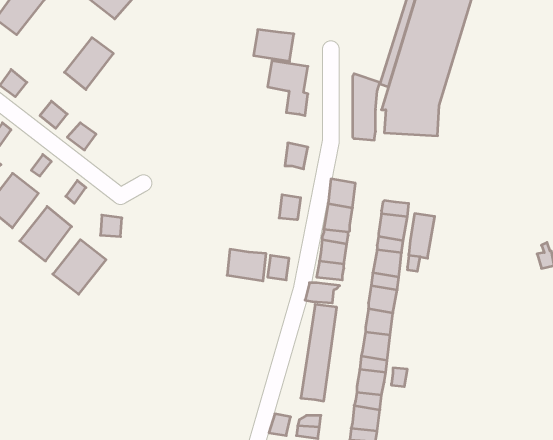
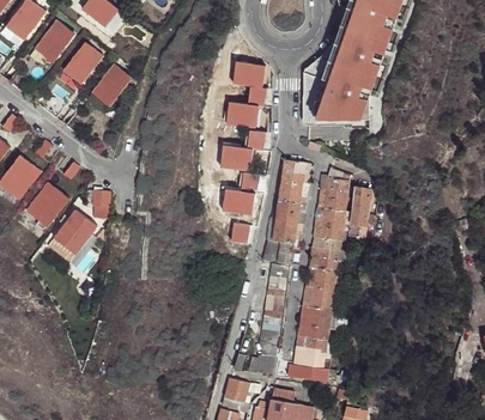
building: none -> [34,19,74,62]
building: [254,30,294,61] -> [224,102,257,128]
building: none -> [91,63,131,106]
building: none -> [219,145,251,171]
building: [227,249,266,281] -> [223,189,255,215]

